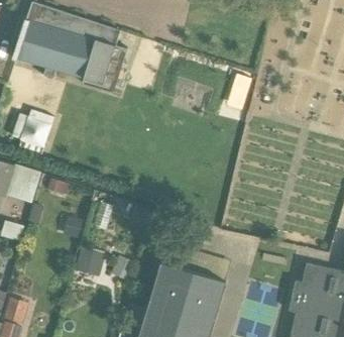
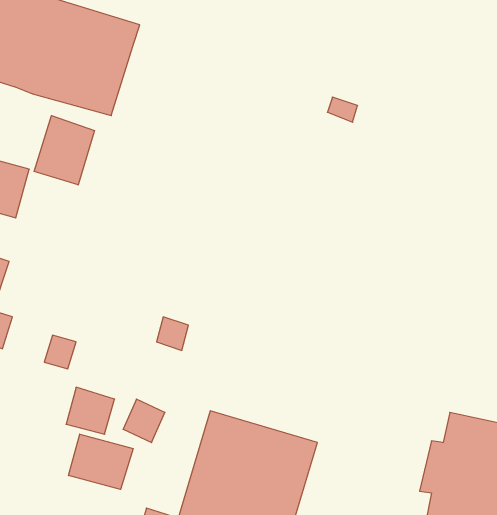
building: none -> [34,116,95,185]
building: none -> [69,434,133,489]

